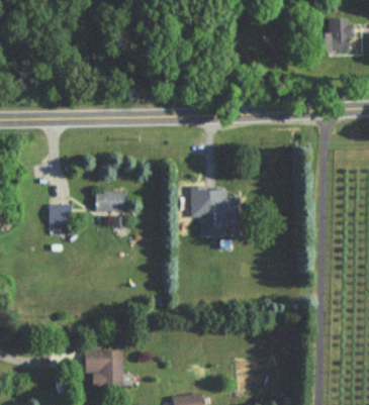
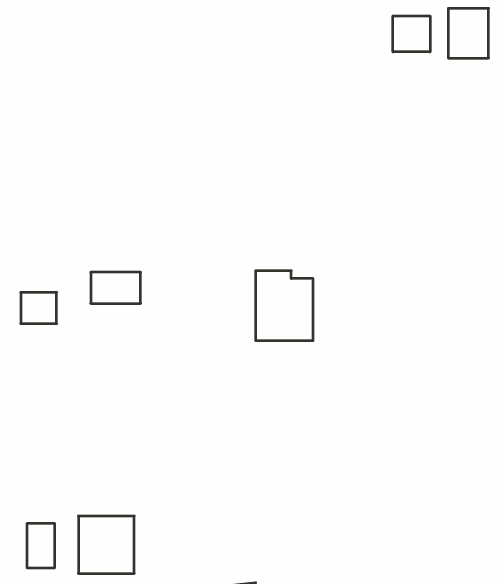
building: none -> [393,16,430,52]
building: none -> [27,523,54,568]

